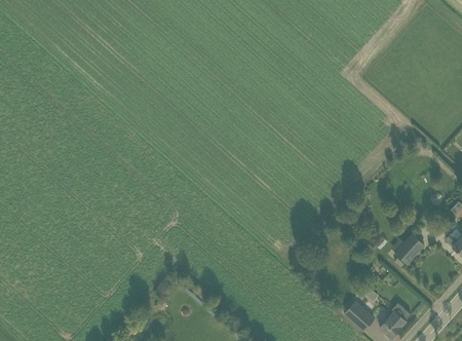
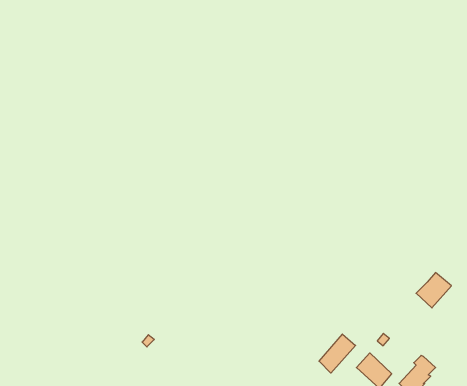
building: none -> [319,334,356,373]

